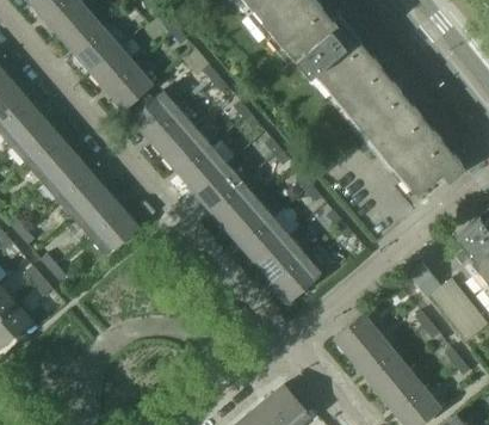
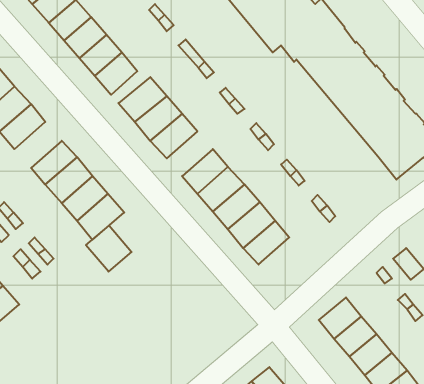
building: [27,136,75,183] -> none
building: [181,146,228,191] -> none
building: none -> [86,226,132,272]
building: [274,253,322,300] -> none

